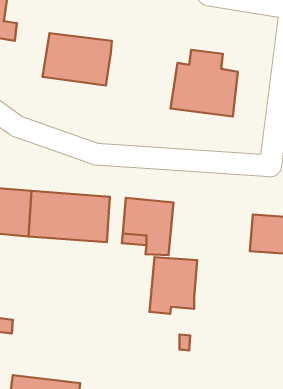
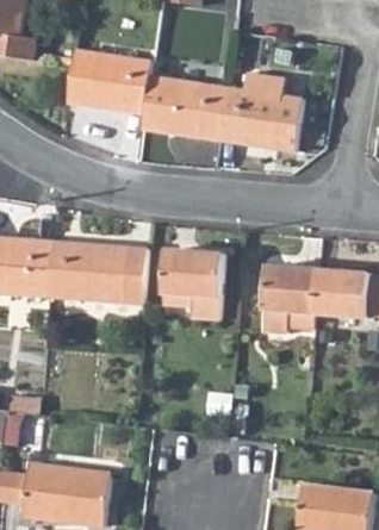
building: none -> [141,75,228,142]
building: [149,257,197,314] -> [261,266,318,333]

